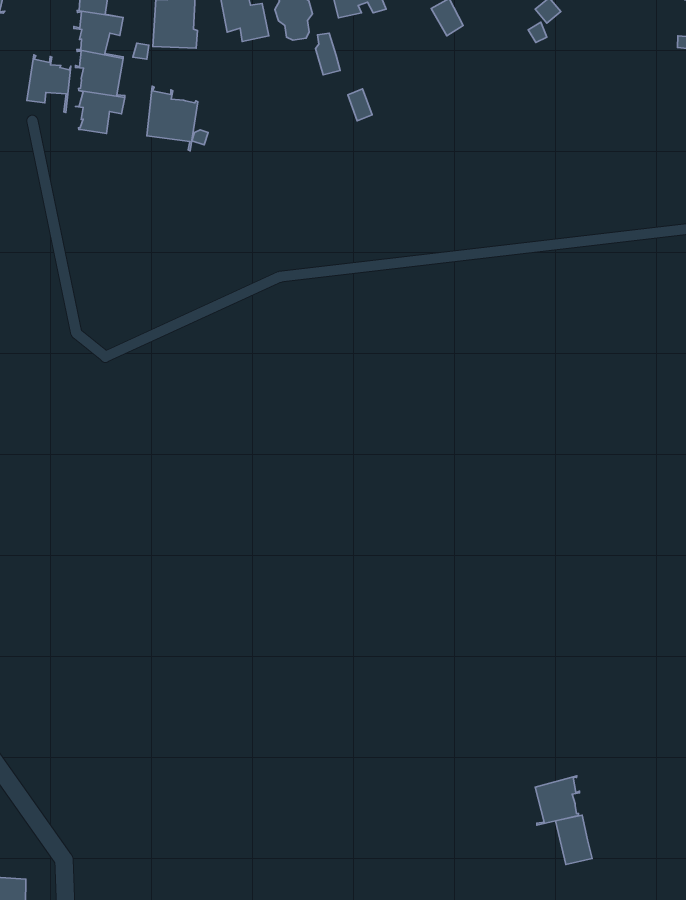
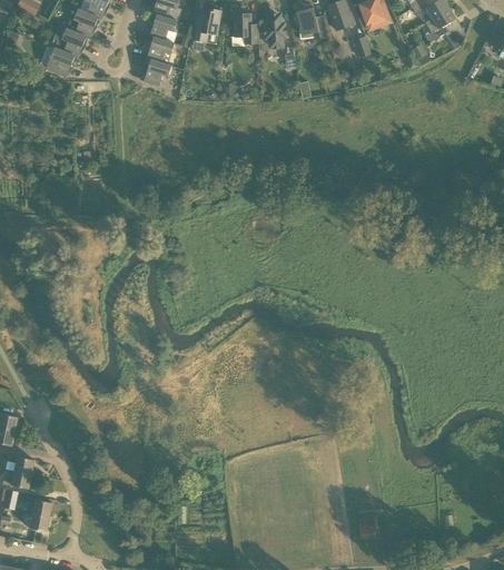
building: [27,55,71,113] -> none
building: [147,86,198,151] -> none
building: [535,776,580,825] -> none

